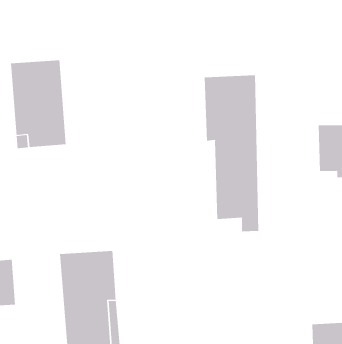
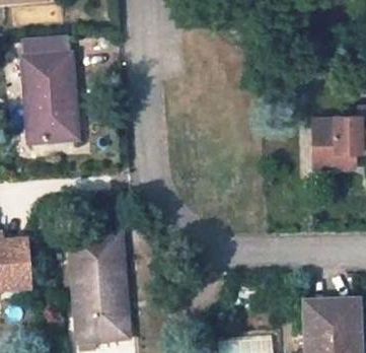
building: none -> [23,37,72,61]
building: [204,75,259,232] -> none

